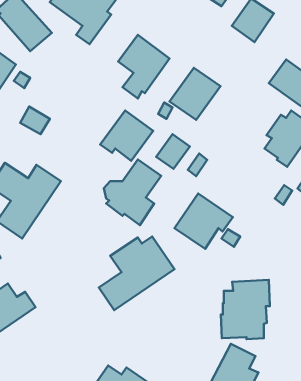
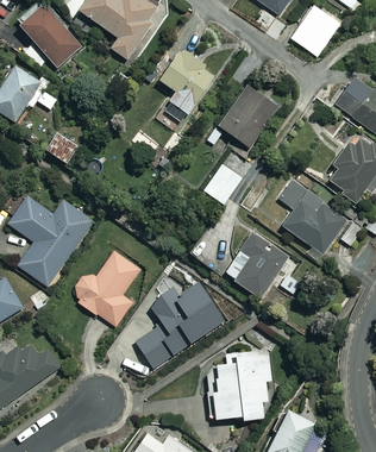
building: [100,110,153,161] -> none
building: none -> [280,181,347,255]
building: [104,160,161,225] -> [75,251,142,327]
building: [221,280,270,339] -> [214,351,271,420]

